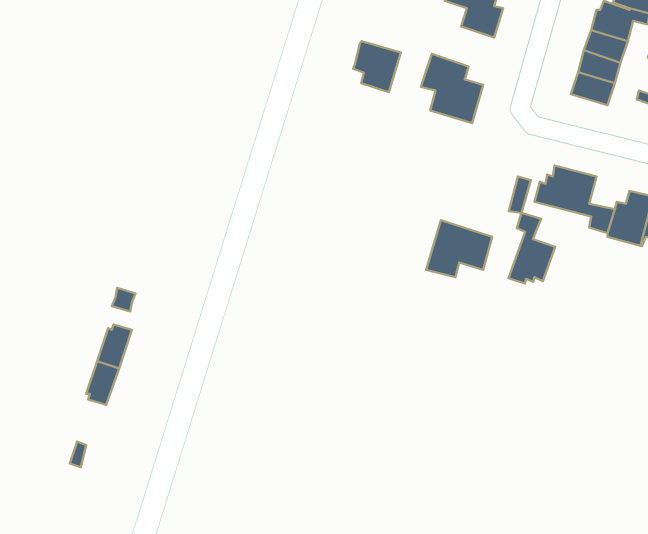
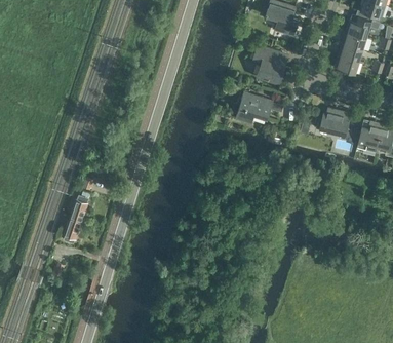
building: [353,41,401,92] -> none
building: [509,213,555,284] -> none
building: [426,220,492,277] -> [236,92,273,124]

